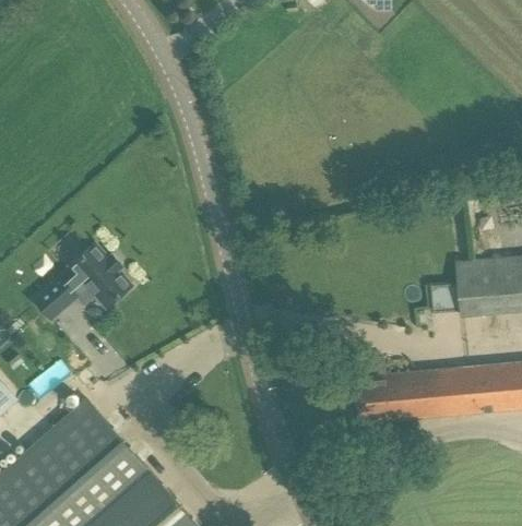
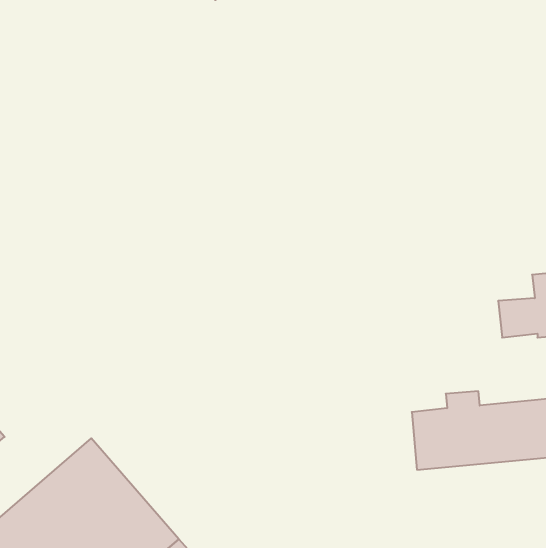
building: [34,243,132,320] -> none

